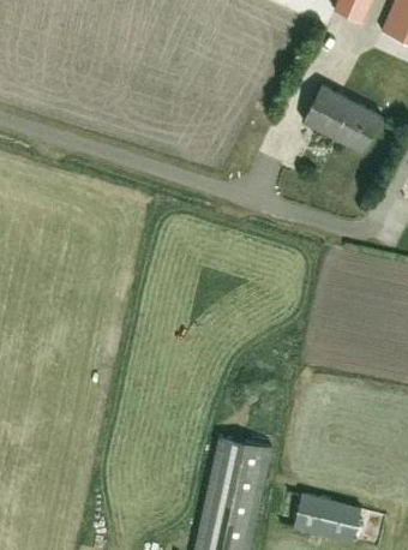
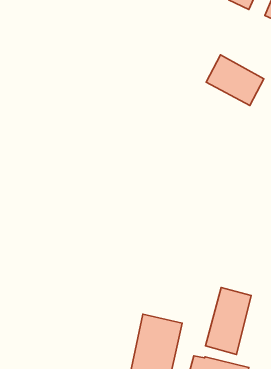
building: none -> [206,288,251,355]

